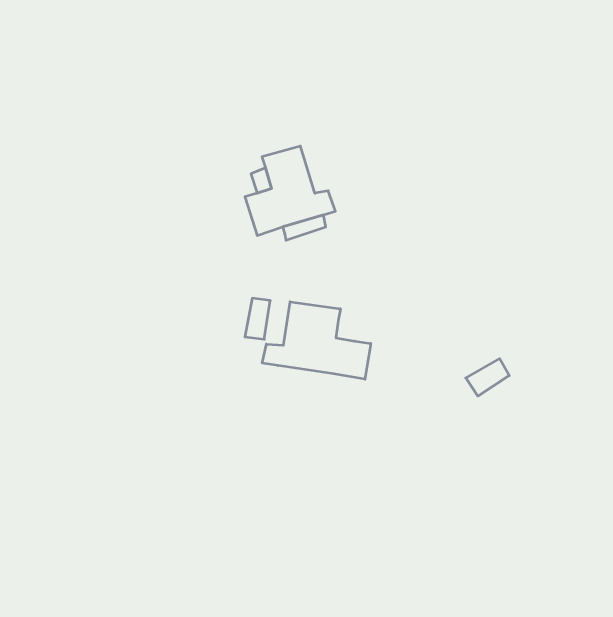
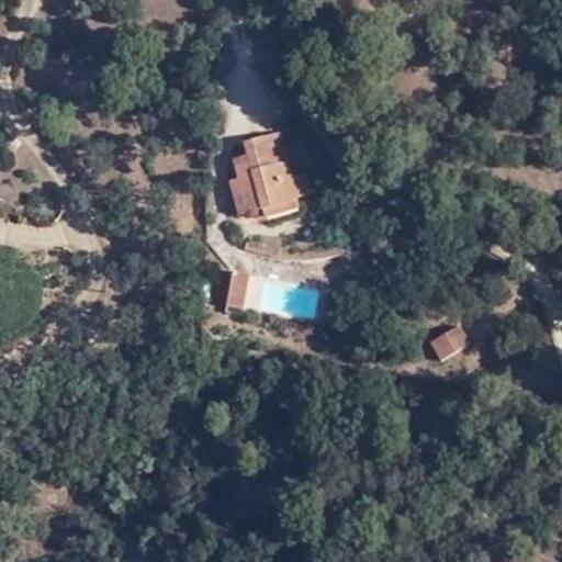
building: [262,302,371,379] -> none

